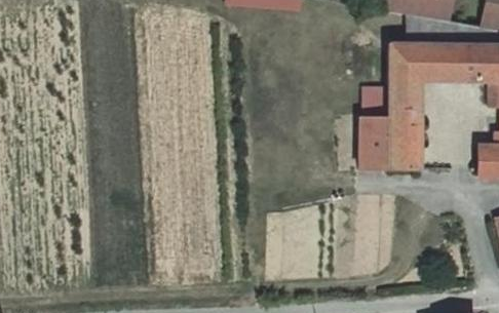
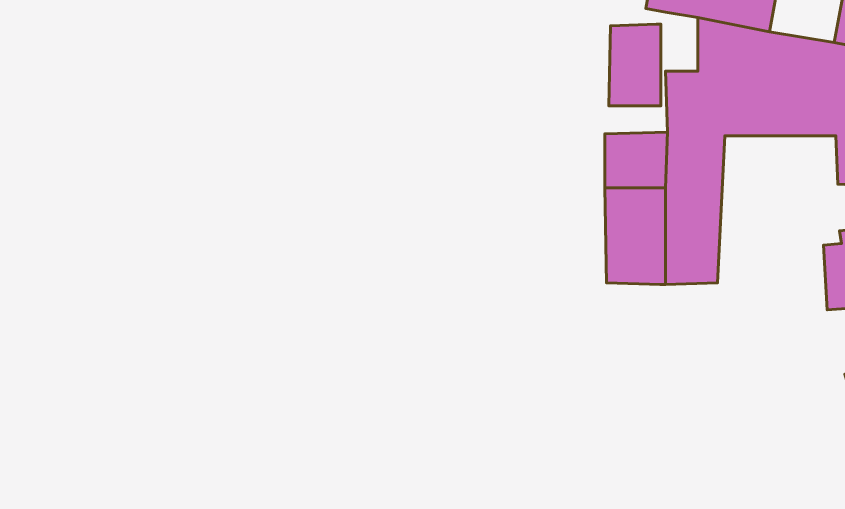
building: none -> [609,24,661,106]

